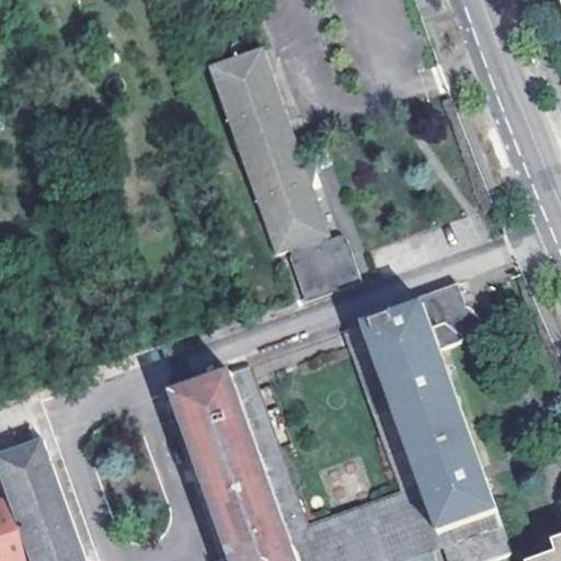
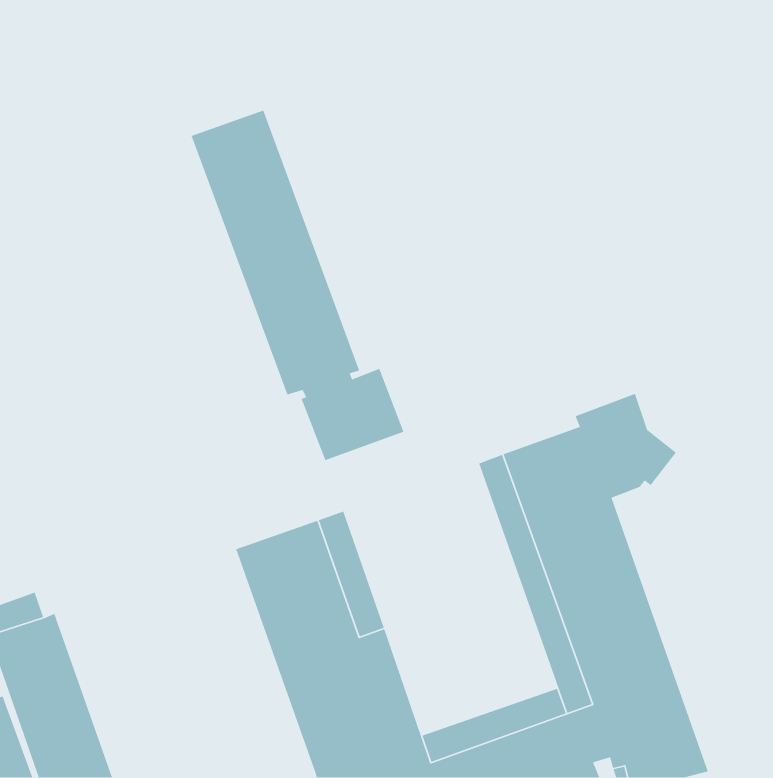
building: [210,46,364,298] -> [191,110,404,461]

